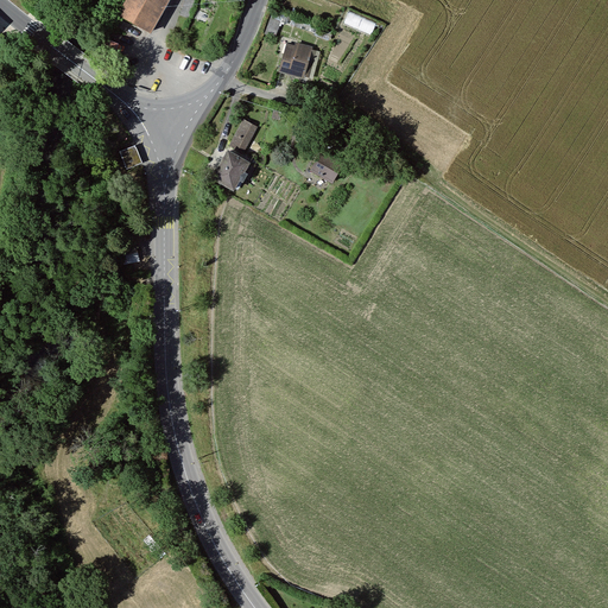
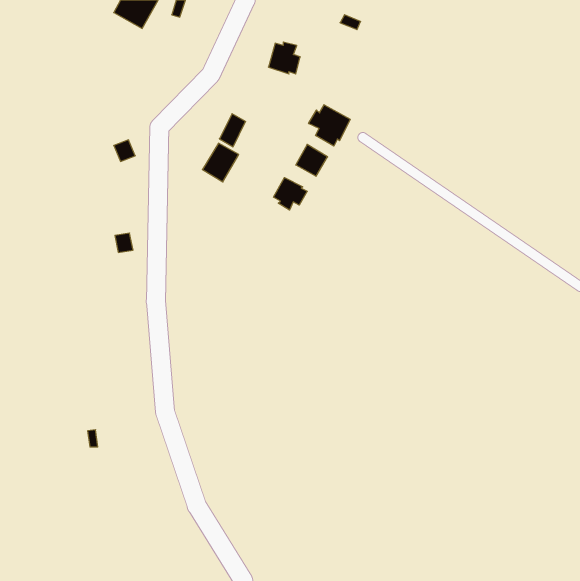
building: none -> [309,105,350,146]
building: none -> [274,178,307,210]

